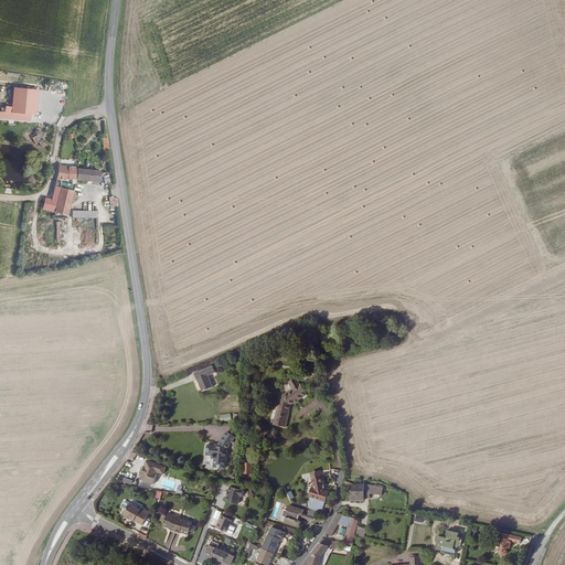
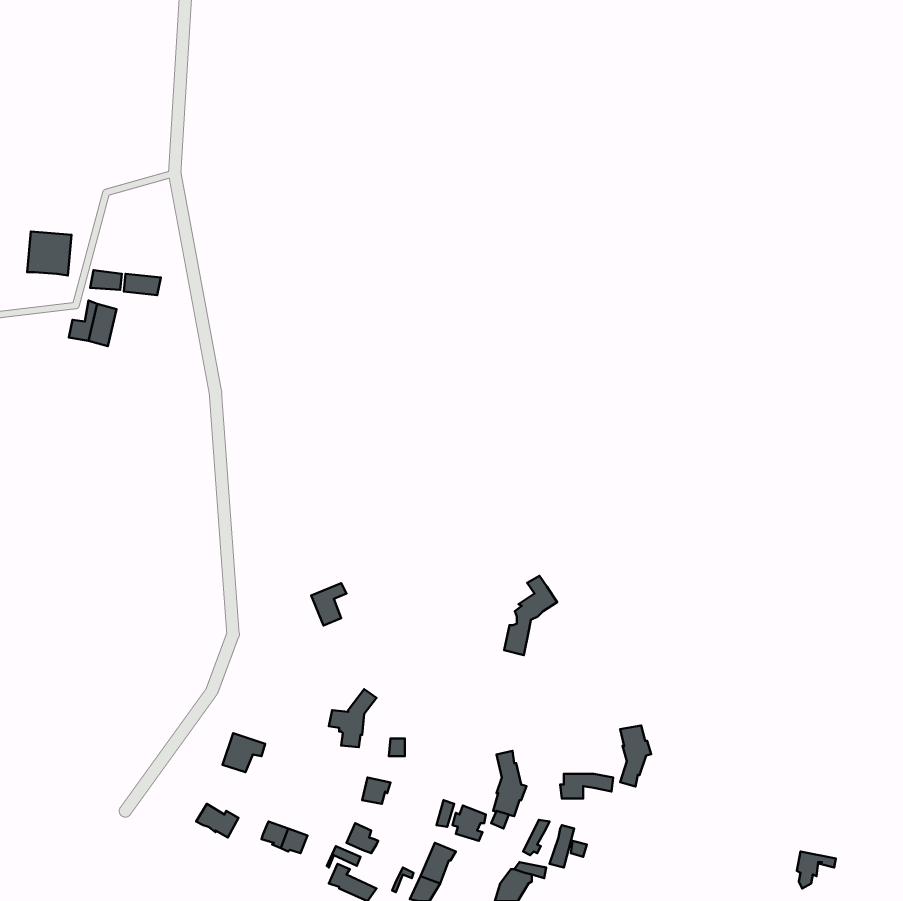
building: [12,90,40,118] -> [27,231,71,276]
building: [274,376,307,426] -> [504,576,557,655]
building: none -> [620,726,651,786]

